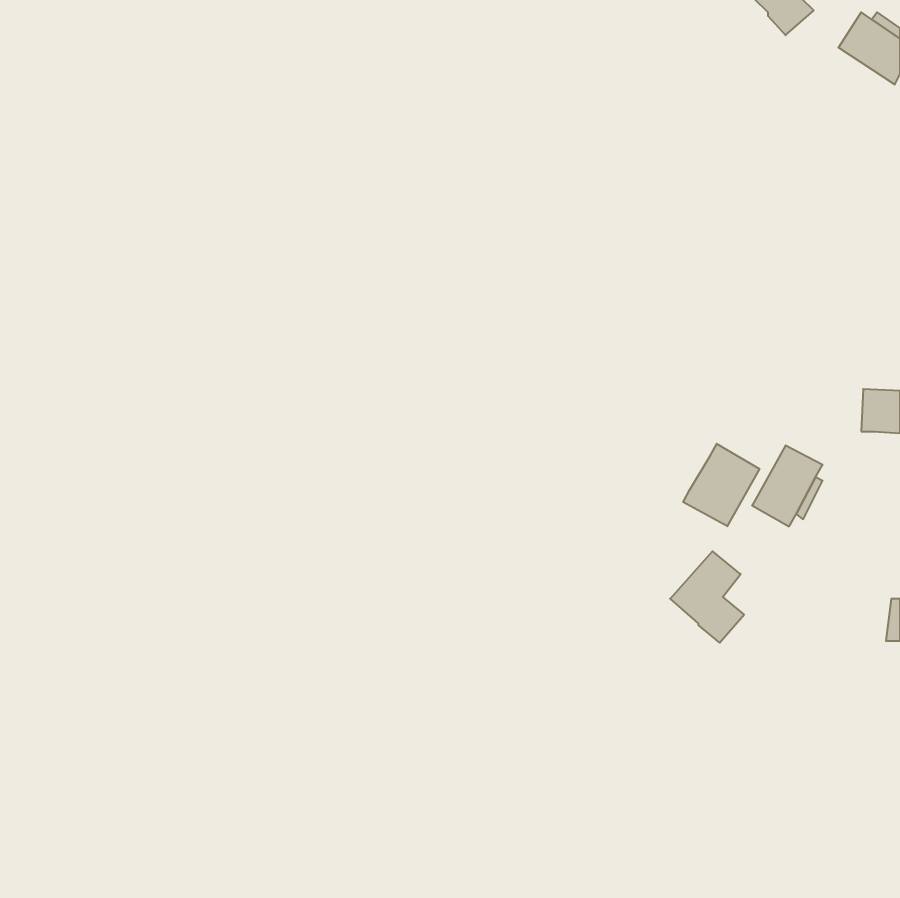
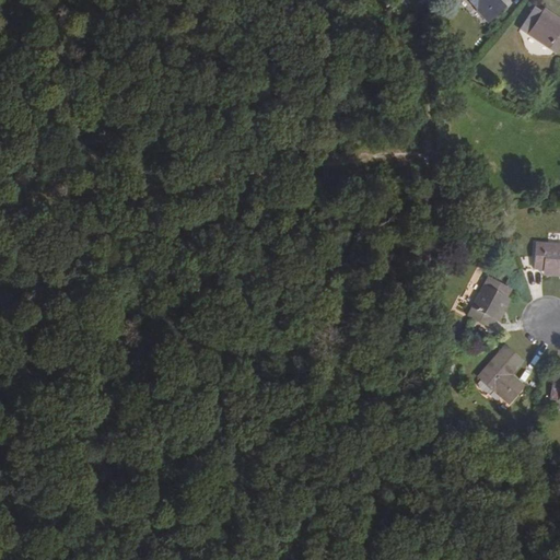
building: [683,444,759,526] -> none
building: [670,551,744,643] -> [478,346,524,402]

